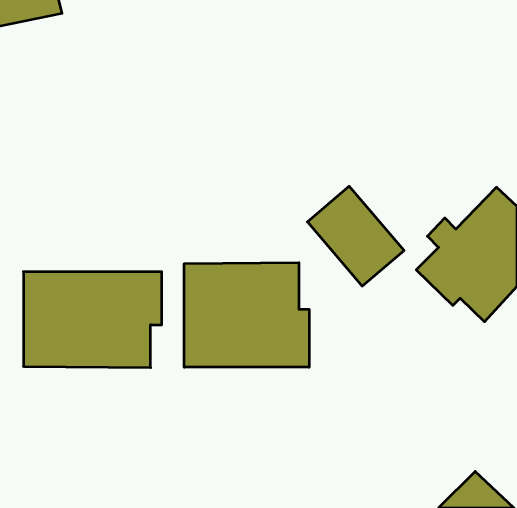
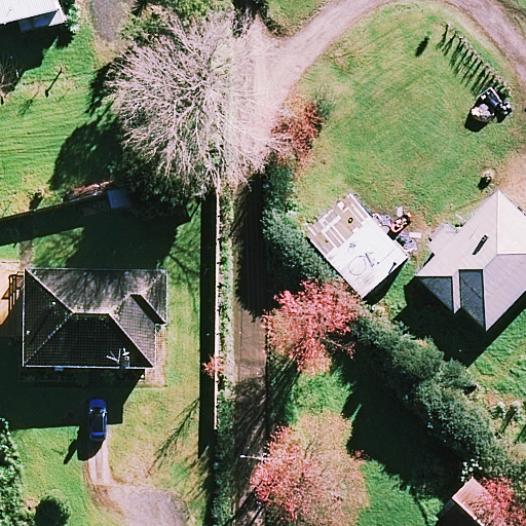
building: [184,263,309,367] -> none

